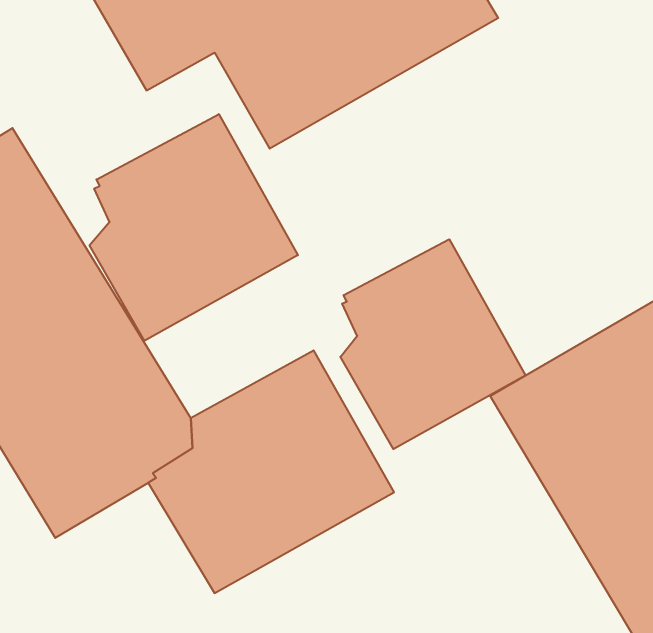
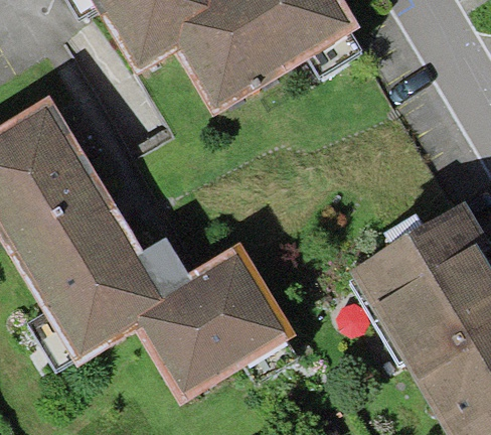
building: [90,114,298,341] -> none
building: [340,239,526,449] -> none

